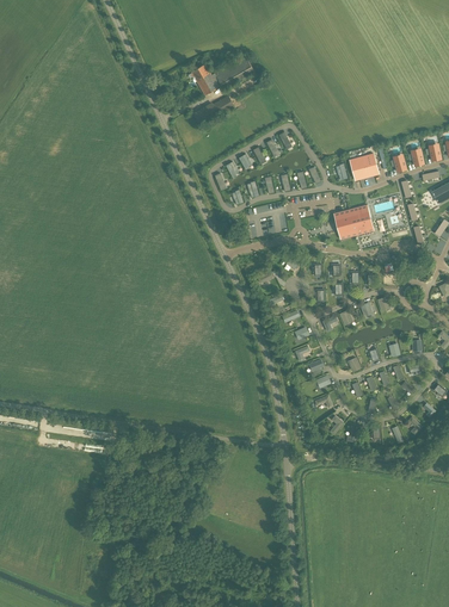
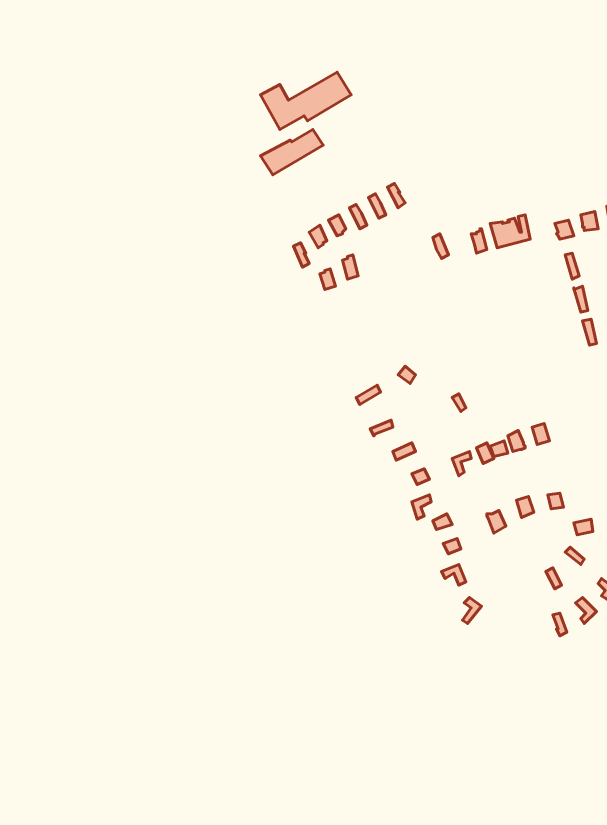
building: [334,205,371,236] -> none

